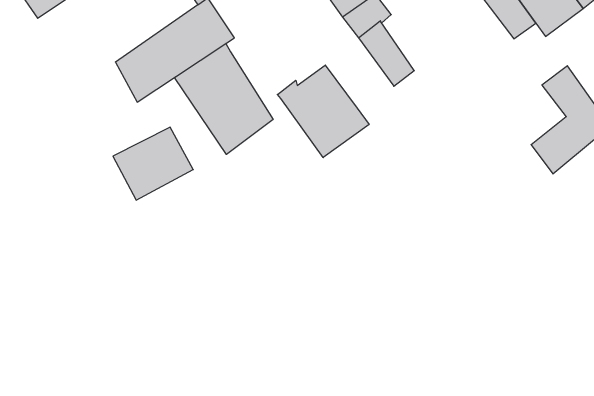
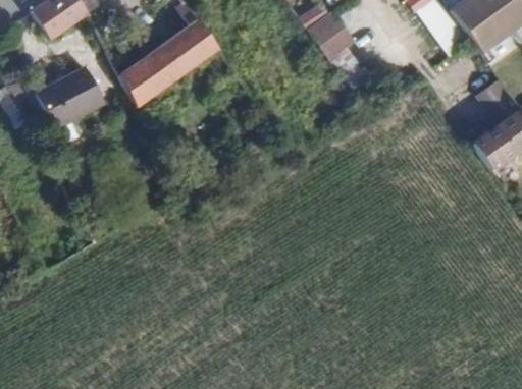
building: [175,43,273,154] -> none
building: [277,65,369,158] -> none
building: [113,127,193,200] -> [38,69,105,130]

